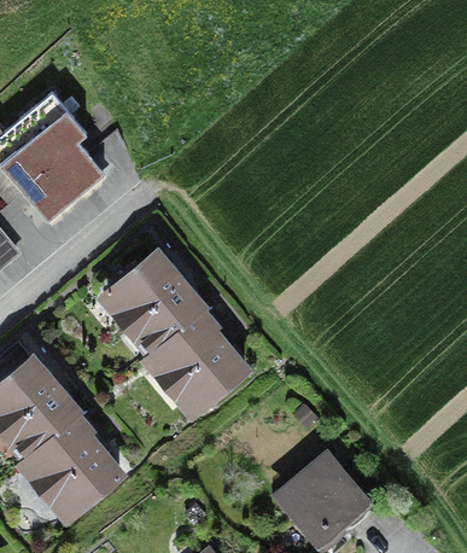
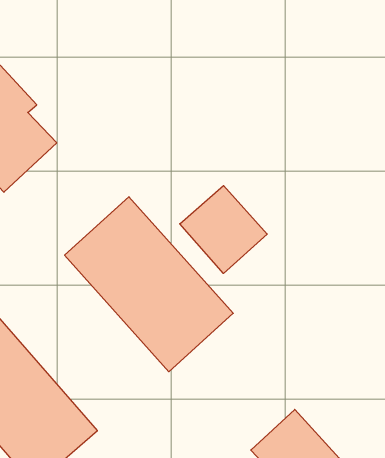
building: none -> [180,186,267,273]

